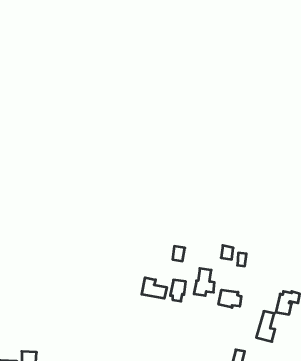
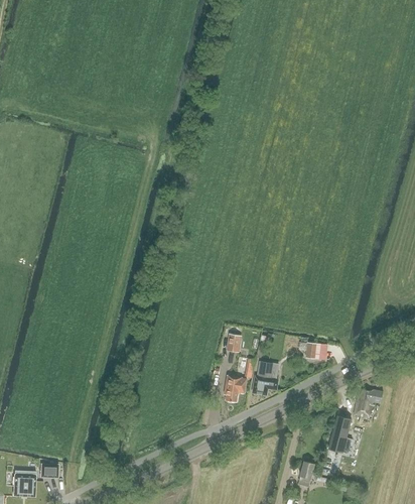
building: [142,278,167,298] -> none
building: [219,290,241,308] -> none

